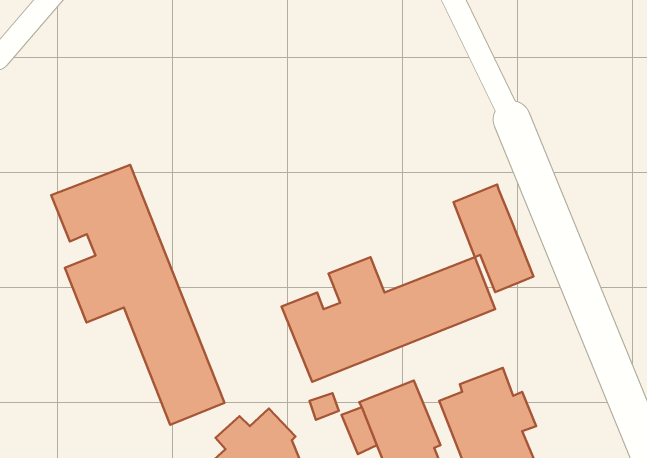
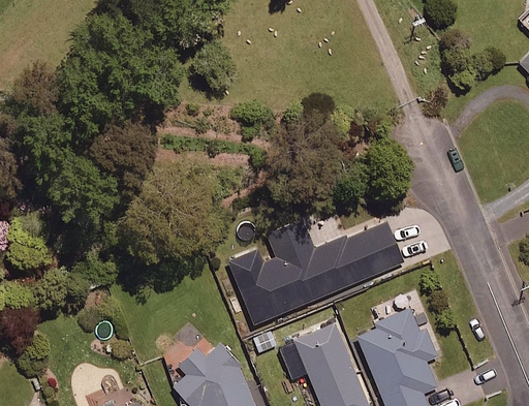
building: [51,165,225,425] -> none
building: [454,184,534,292] -> none

